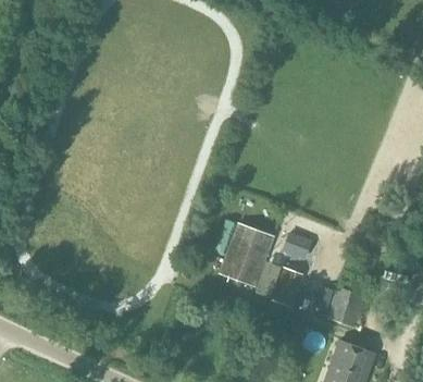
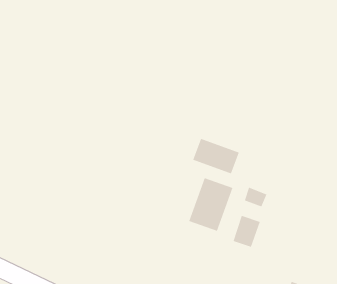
building: none -> [192,138,240,175]
building: [326,286,364,328] -> none

